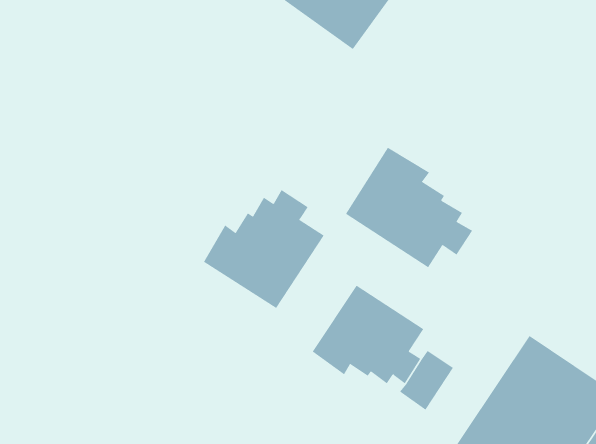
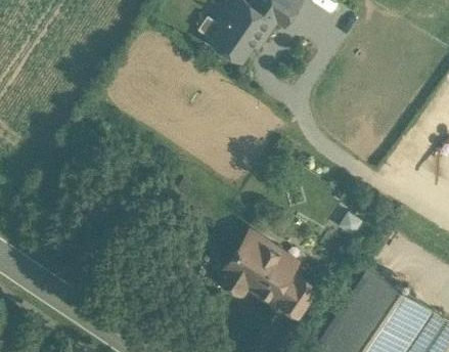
building: [345,147,473,268] -> none
building: [203,189,324,309] -> none

